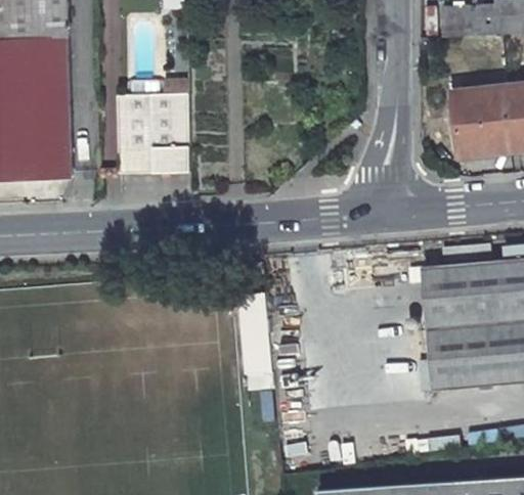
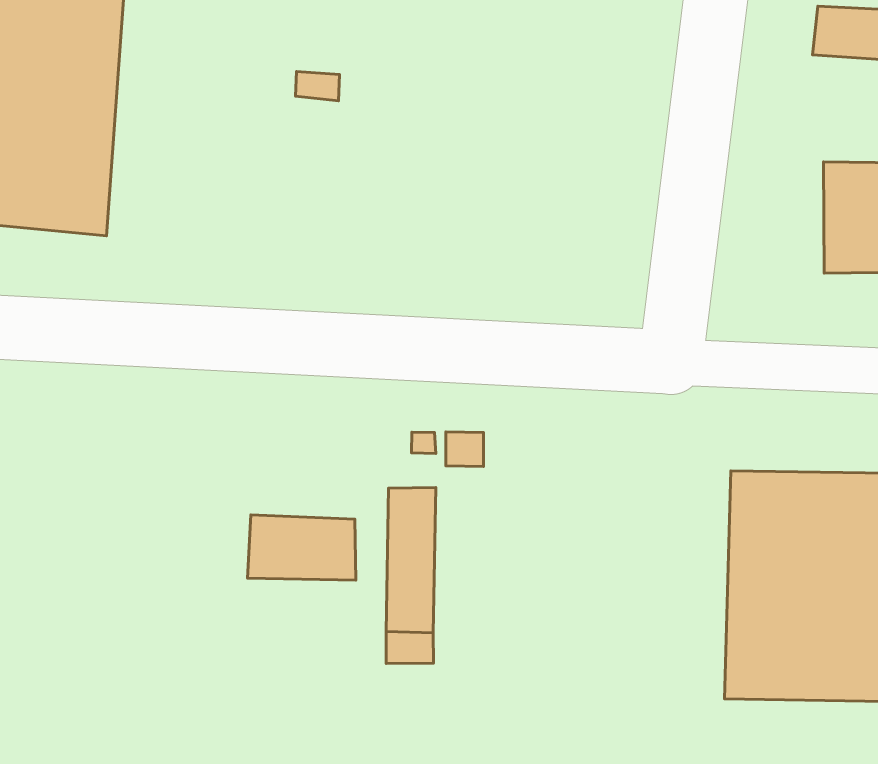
building: [118,94,191,175] -> none
building: none -> [248,515,356,580]

